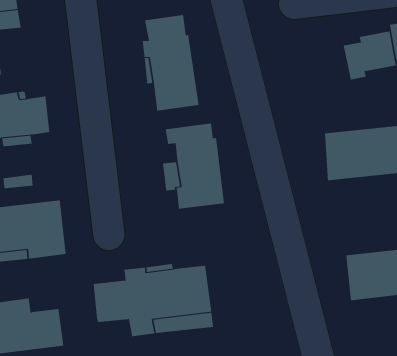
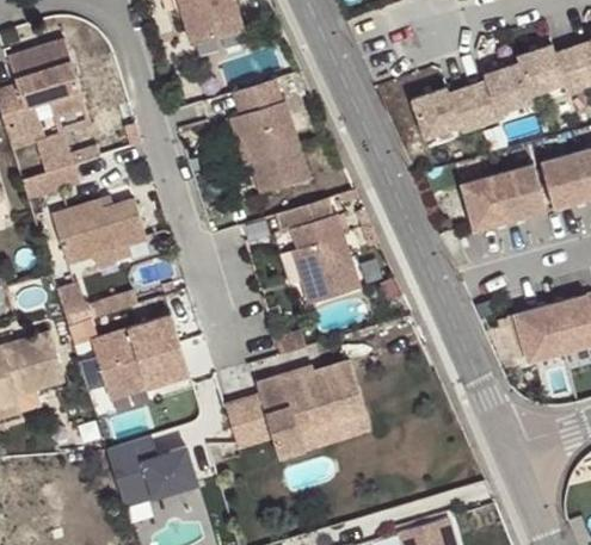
building: none -> [408,82,479,135]

